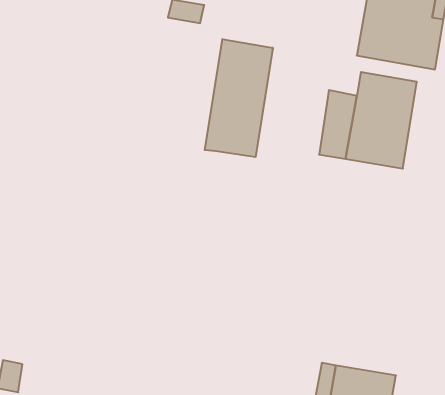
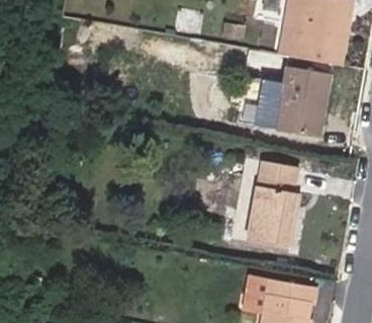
building: [205,39,273,157] -> none
building: none -> [245,160,299,248]

